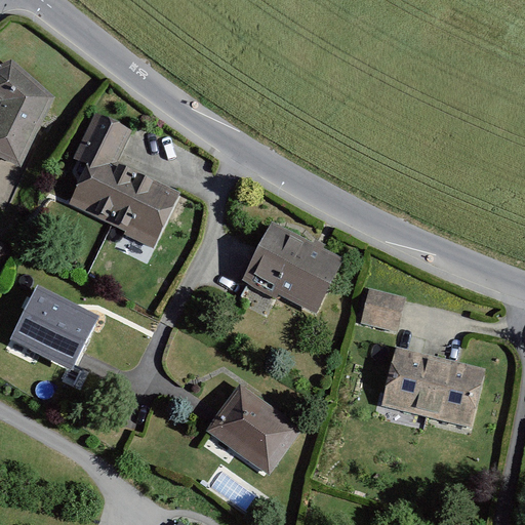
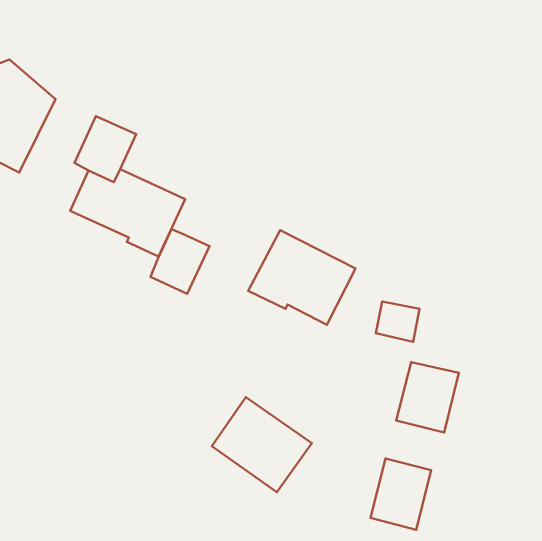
building: none -> [150,229,209,294]
building: [8,284,98,369] -> none
building: [428,359,486,428] -> [370,458,431,530]

